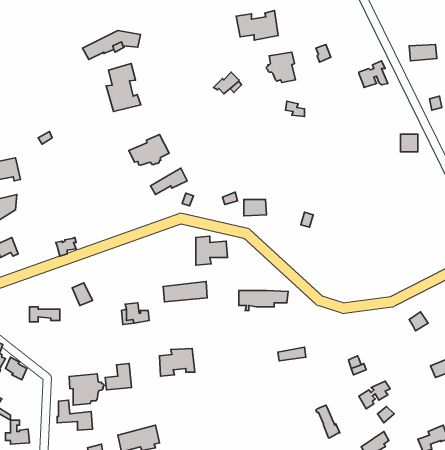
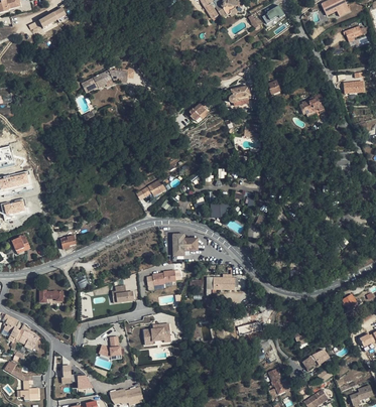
building: [236,11,278,40] -> none
building: [106,64,141,111] -> none
building: [129,134,169,165] -> none
building: [69,374,104,405] -> none

